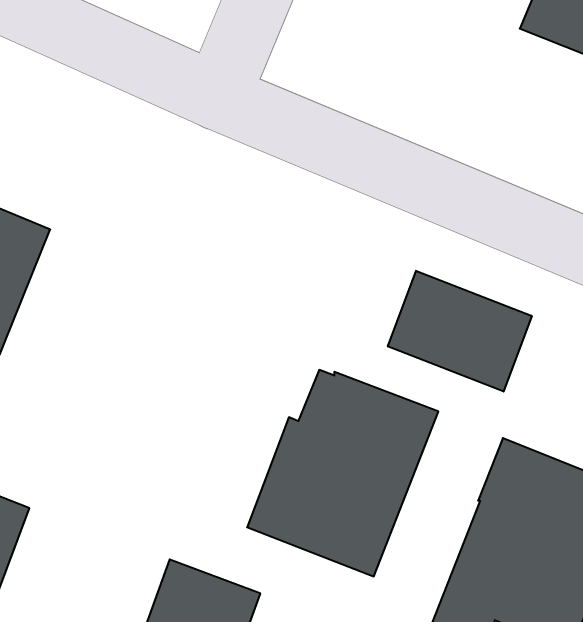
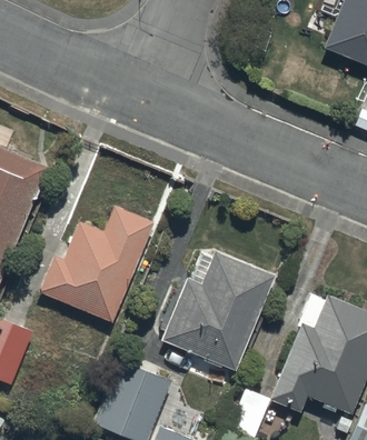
building: [388,271,532,392] -> none
building: none -> [39,208,155,323]

